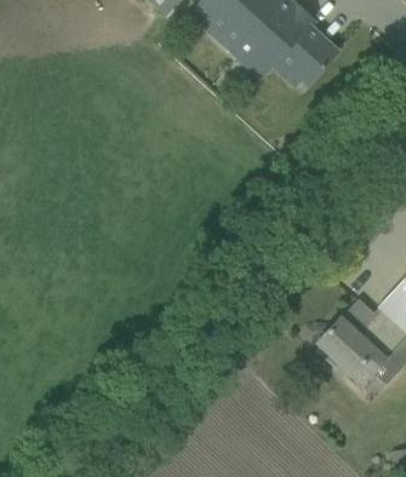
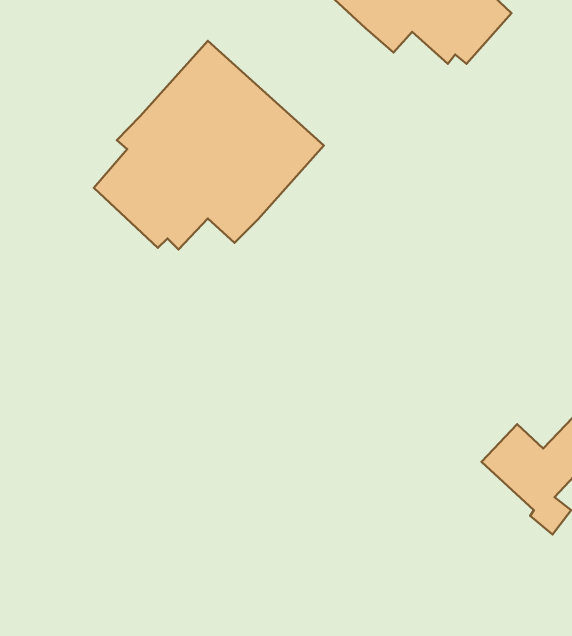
building: none -> [94,41,324,250]

